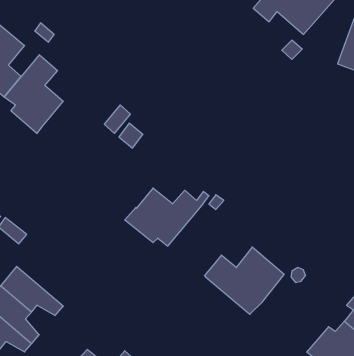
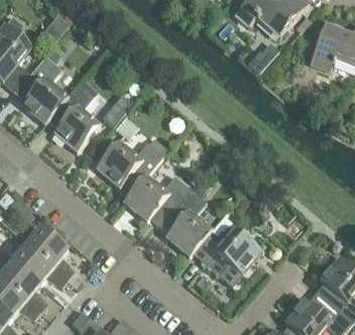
building: none -> [47,84,100,151]
building: none -> [96,140,163,192]
building: none -> [159,189,213,257]
building: none -> [25,227,73,278]

